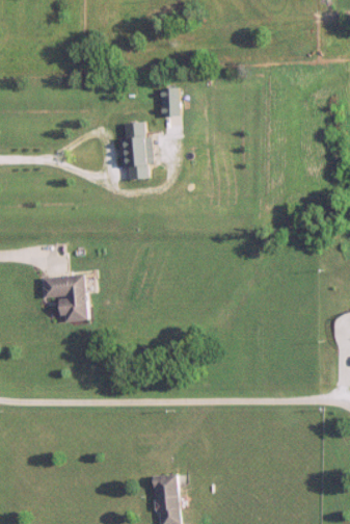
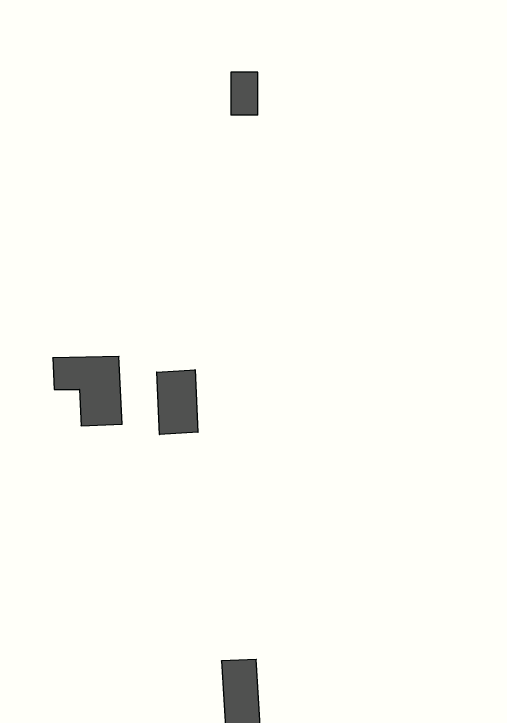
building: [118,123,154,180] -> none
building: none -> [157,370,198,435]

